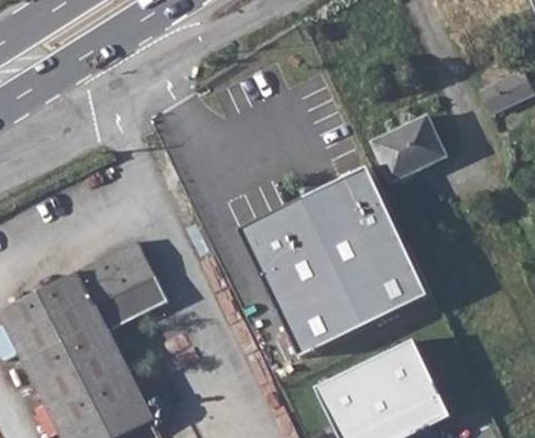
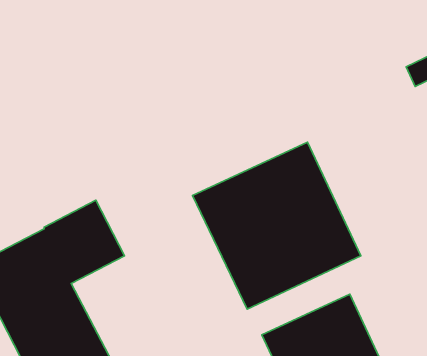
building: [371,113,444,178] -> none

